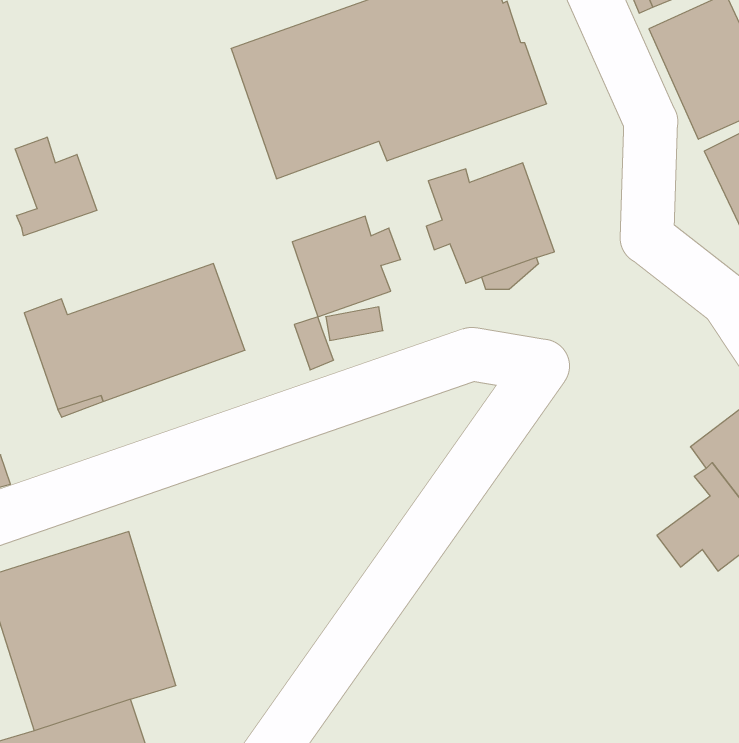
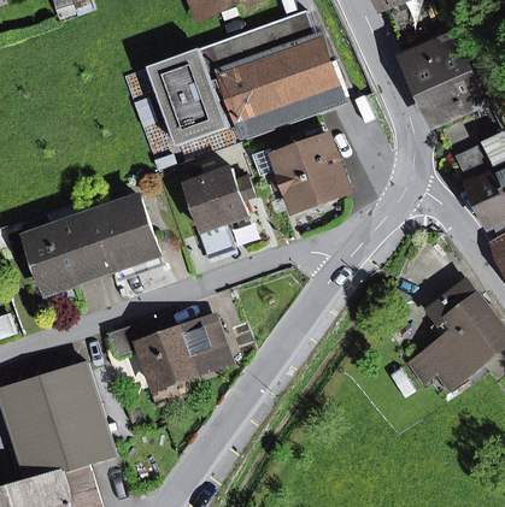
building: [15,137,97,236] -> none
building: none -> [108,314,227,388]

